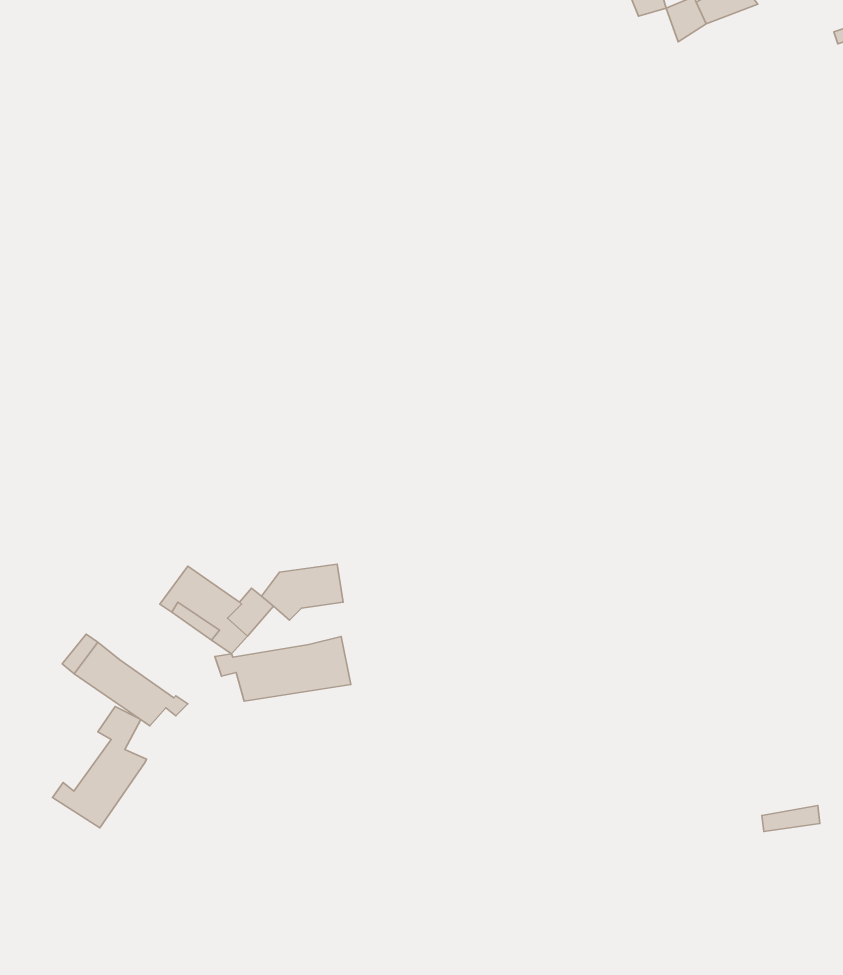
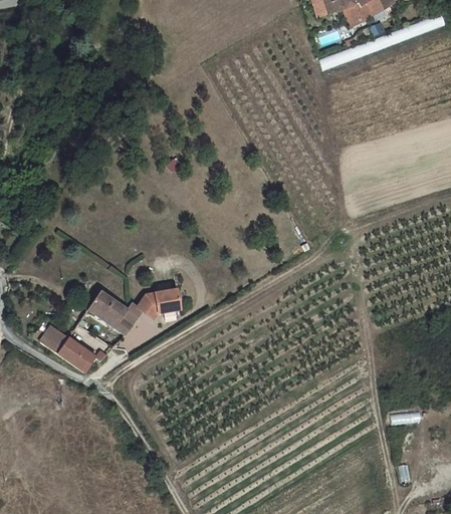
building: [215,636,351,701] -> none
building: [53,706,147,828] -> none

